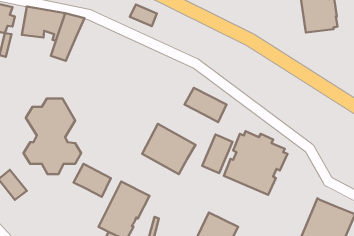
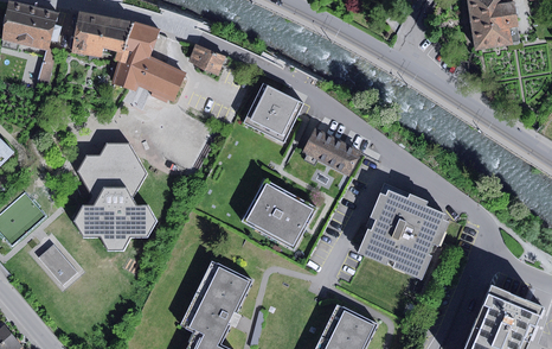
building: [130,4,157,26] -> [186,43,224,74]
building: none -> [136,56,186,99]
building: none -> [243,82,303,142]
building: [202,135,233,173] -> none
building: [74,164,111,197] -> none

